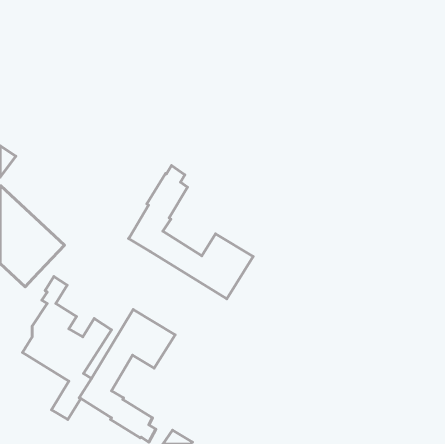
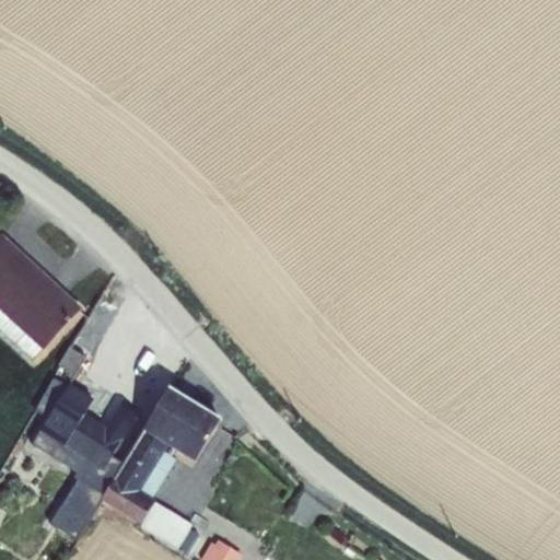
building: [129,166,253,299] -> none

